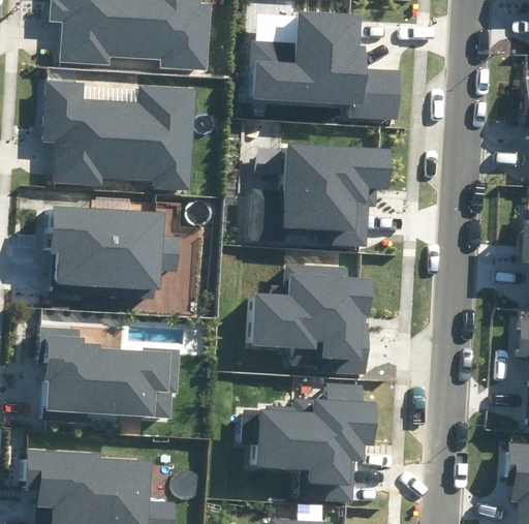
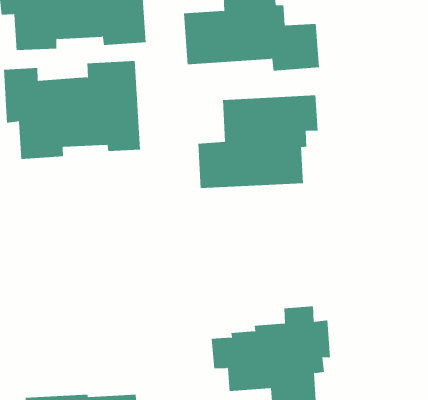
building: [50,206,178,300] -> none
building: [249,264,371,374] -> none
building: [36,326,180,423] -> none

